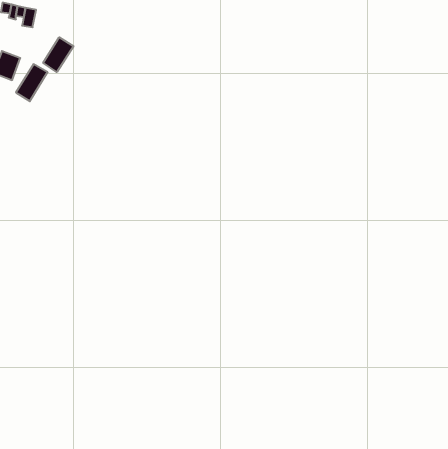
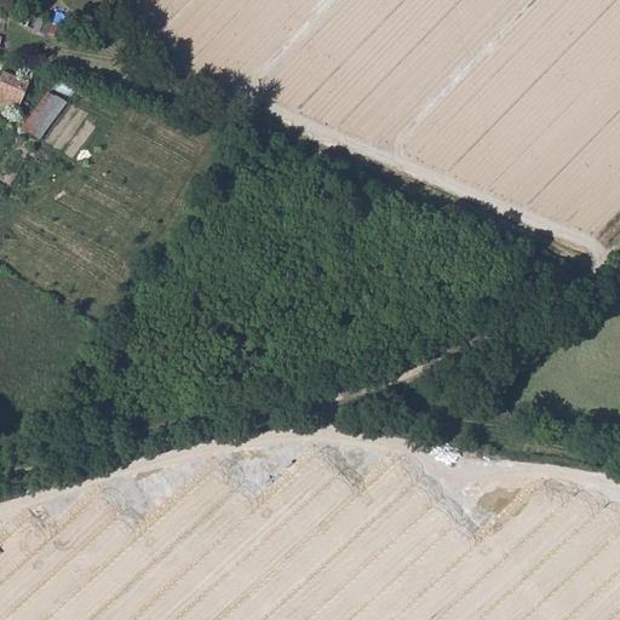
building: [43,37,73,72] -> none

